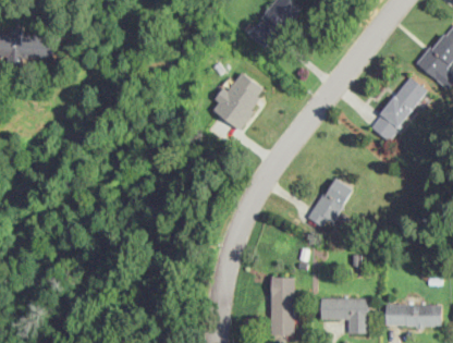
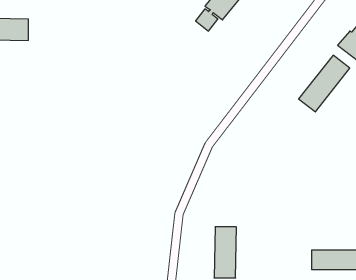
building: [213,72,264,130] -> none
building: [306,176,354,231] -> none
building: [321,297,368,333] -> none

